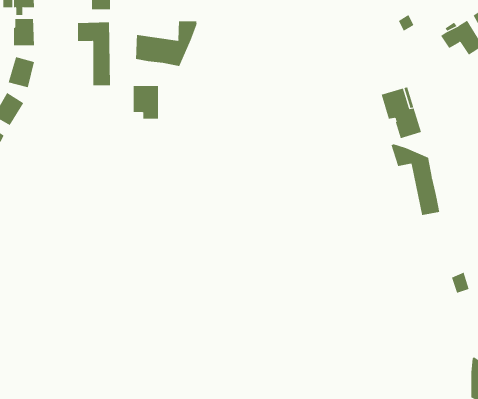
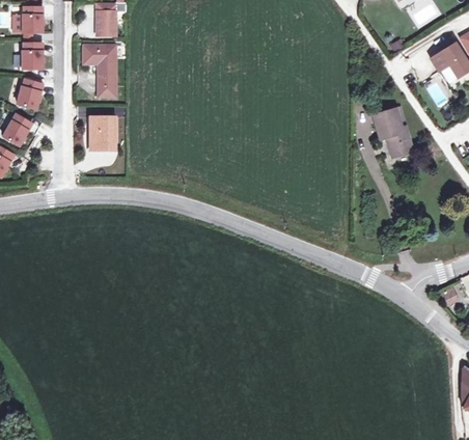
building: [135,20,197,67] -> none
building: [133,85,159,119] -> [90,116,115,148]
building: [391,143,440,216] -> none

